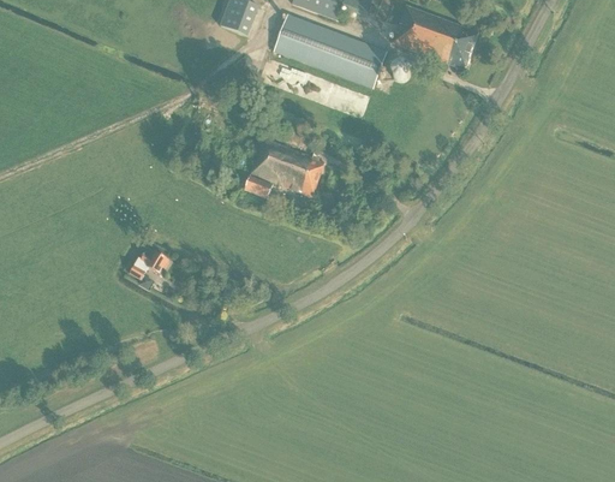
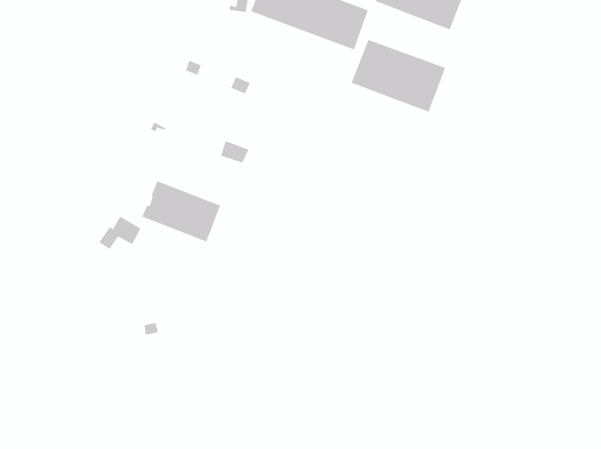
building: none -> [351,39,446,112]
building: [249,138,324,197] -> [142,181,221,242]

